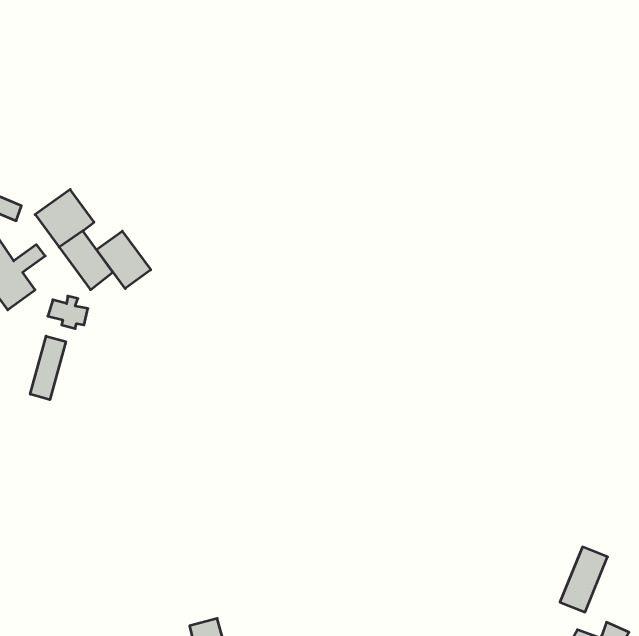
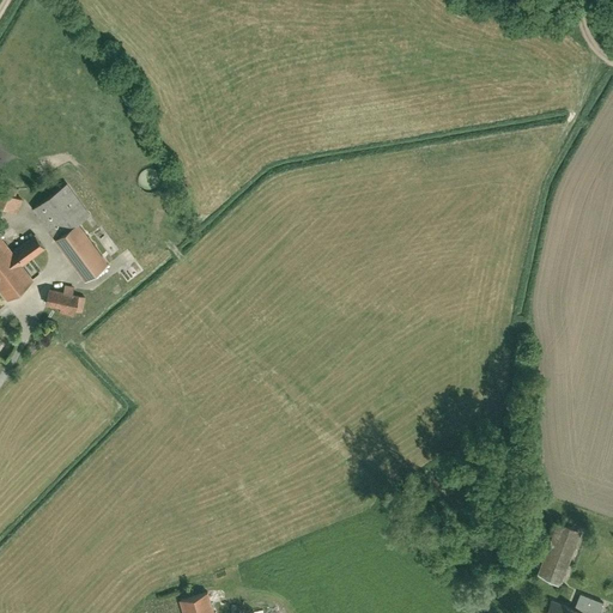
building: [97,231,151,289] -> none
building: [30,336,66,400] -> none

